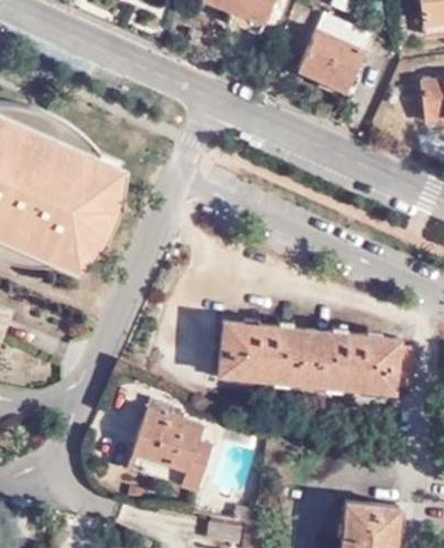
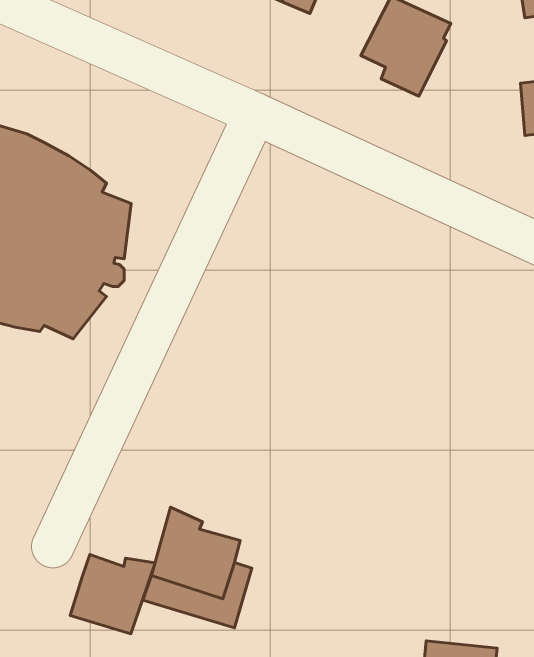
building: [218,326,412,399] -> none
building: none -> [70,554,155,634]

